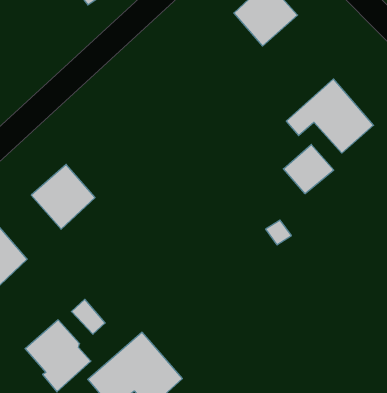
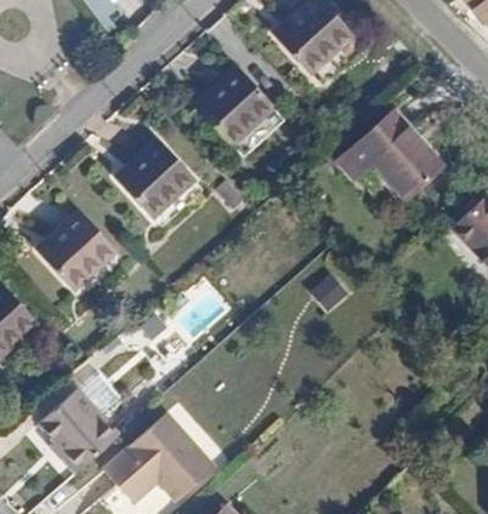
building: none -> [198,70,272,145]
building: none -> [118,141,193,218]
building: [283,144,334,194] -> none

